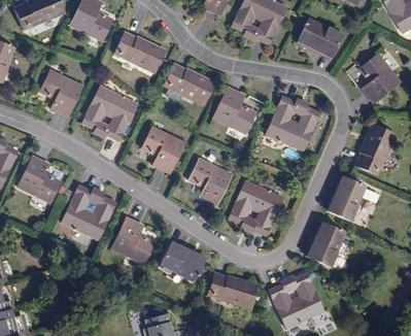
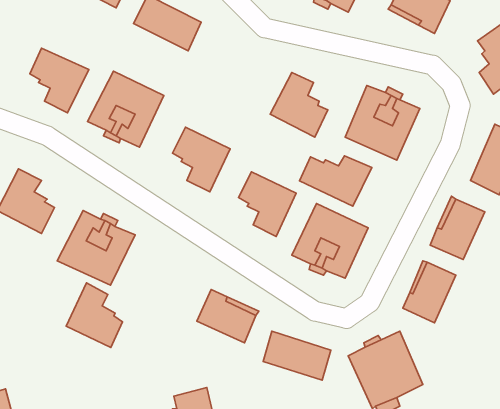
building: [164,63,213,103] -> none
building: none -> [299,156,372,206]
building: [112,216,152,263] -> [66,283,122,348]

